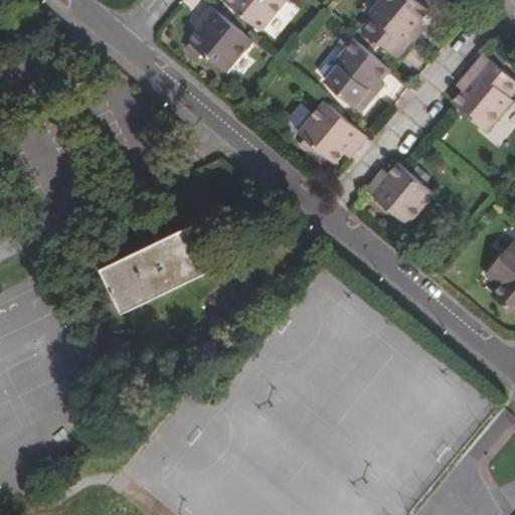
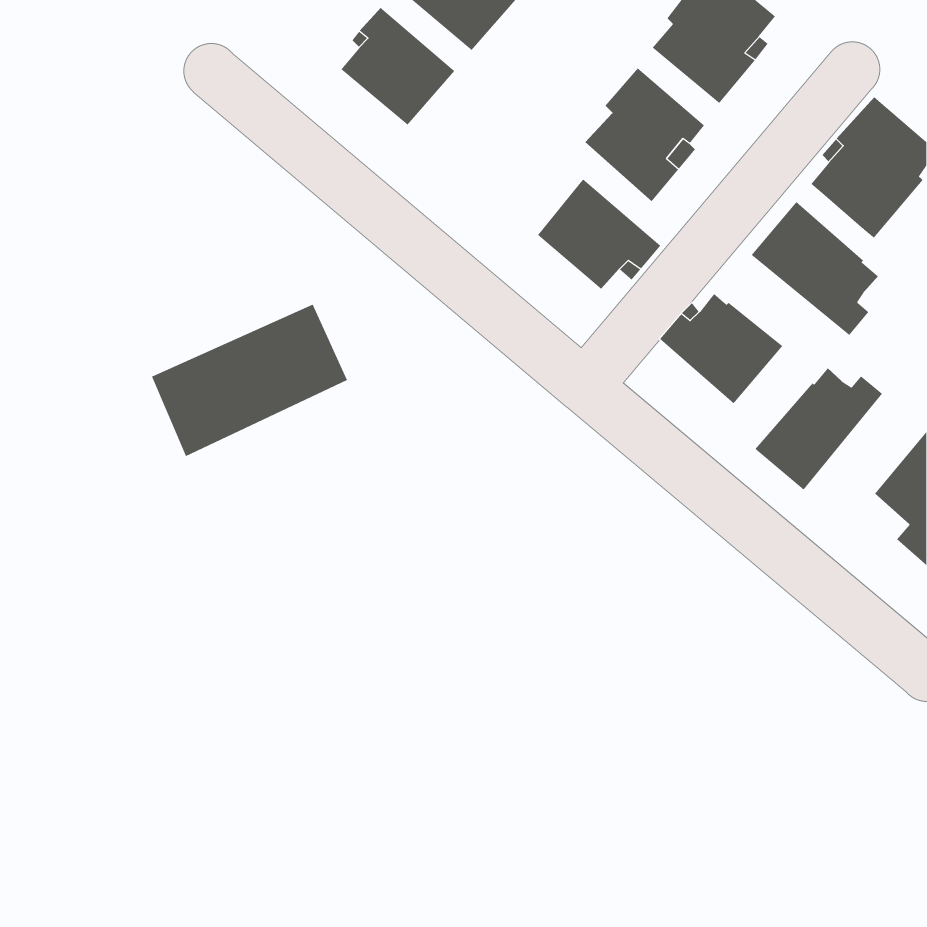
building: none -> [751,201,879,336]
building: none -> [754,368,883,490]
building: [108,231,216,316] -> [151,304,348,457]

